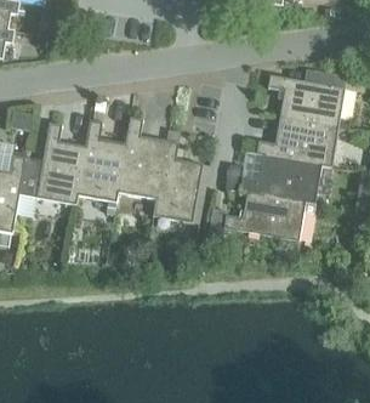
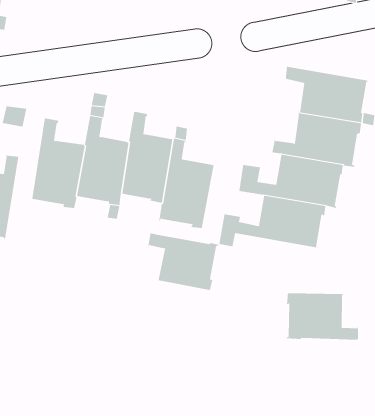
building: none -> [148,232,219,291]
building: none -> [286,293,359,341]

